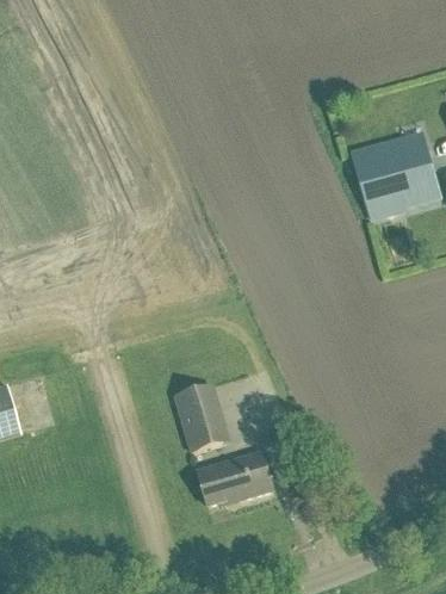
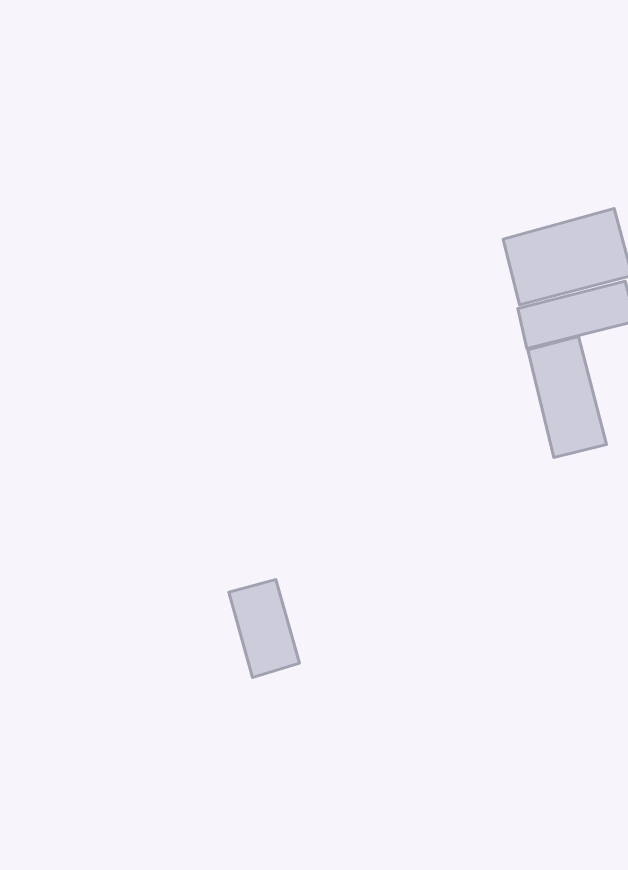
building: none -> [528,336,606,457]
building: [197,451,272,505] -> none

